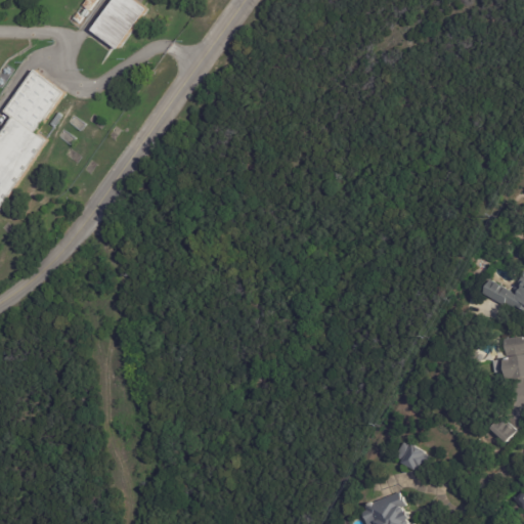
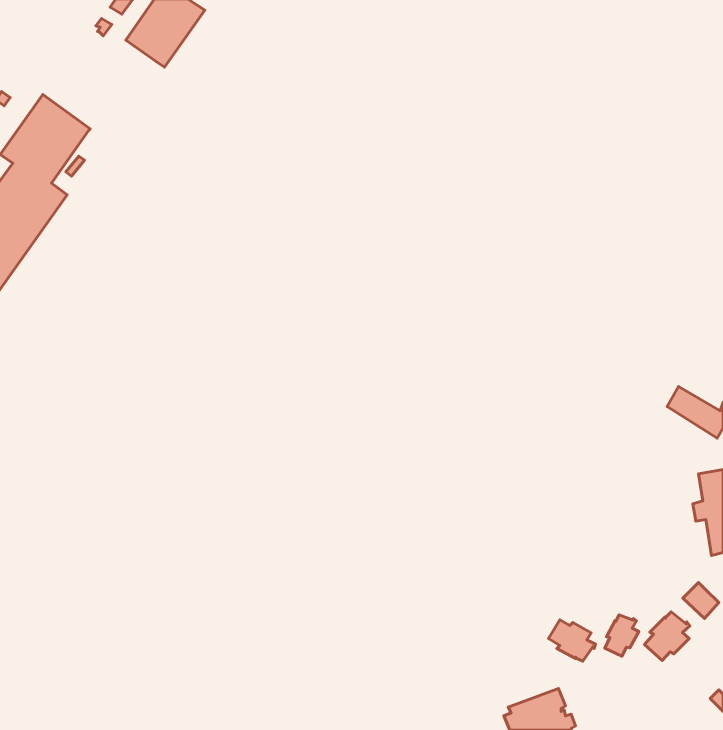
building: none -> [644,612,690,660]
building: none -> [605,615,639,656]

